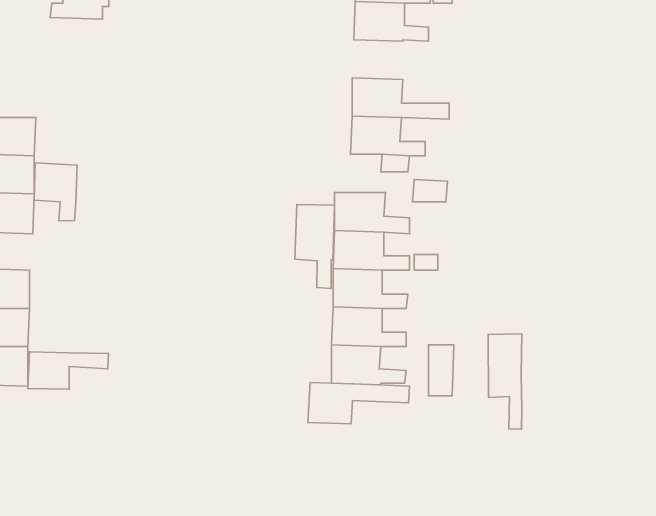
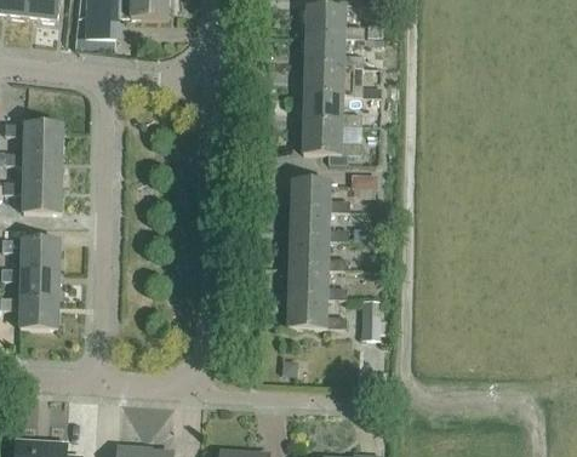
building: none -> [304,64,362,95]
building: [34,163,77,221] -> none
building: [295,204,335,288] -> none
building: [488,334,522,429] -> none
building: [28,352,108,389] -> none
building: [308,382,410,424] -> none

